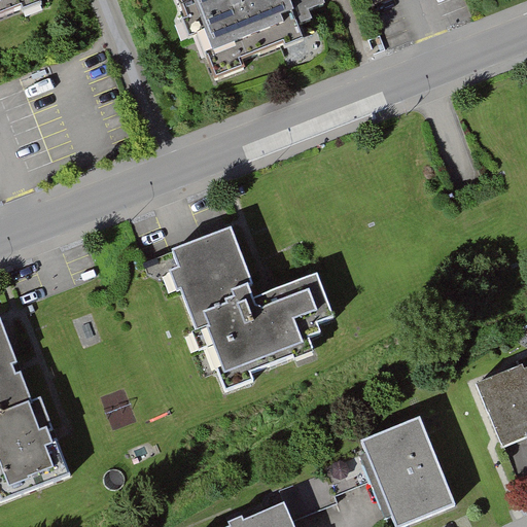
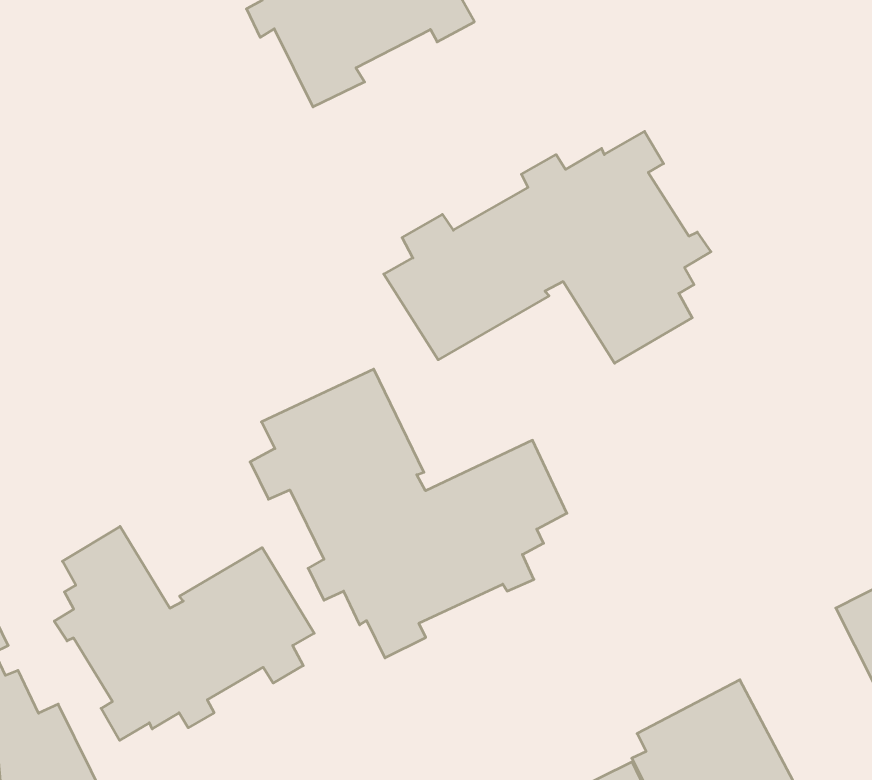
building: none -> [384,131,711,363]
building: none -> [54,526,314,740]

